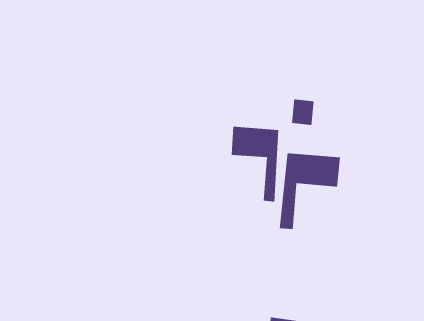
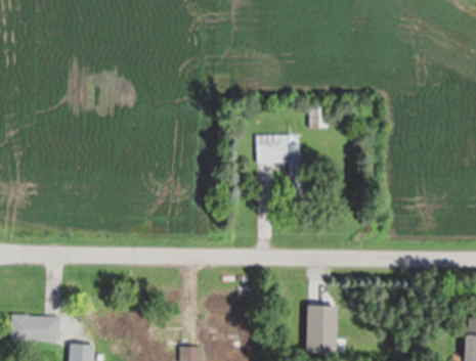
building: [279,152,340,230] -> none

